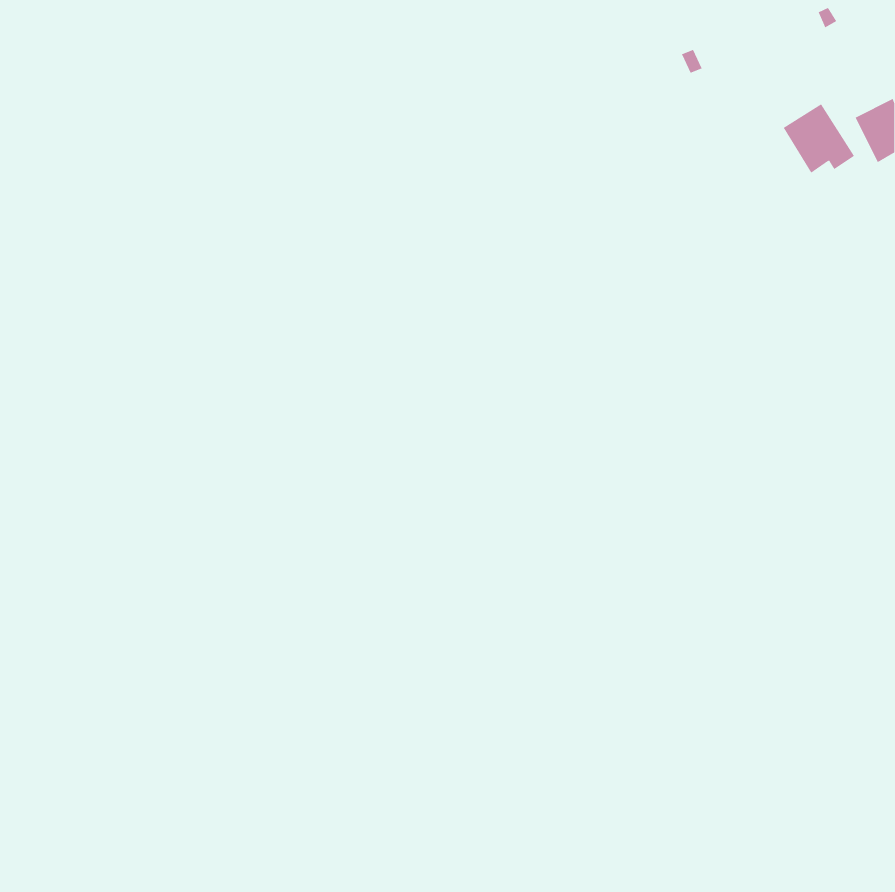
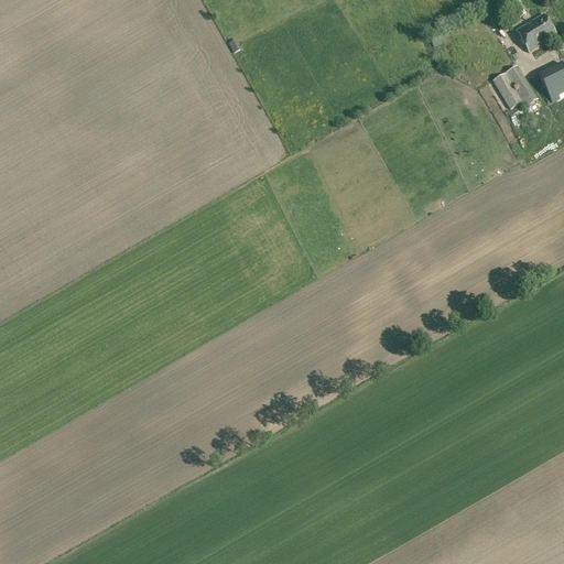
building: none -> [516,13,556,51]

